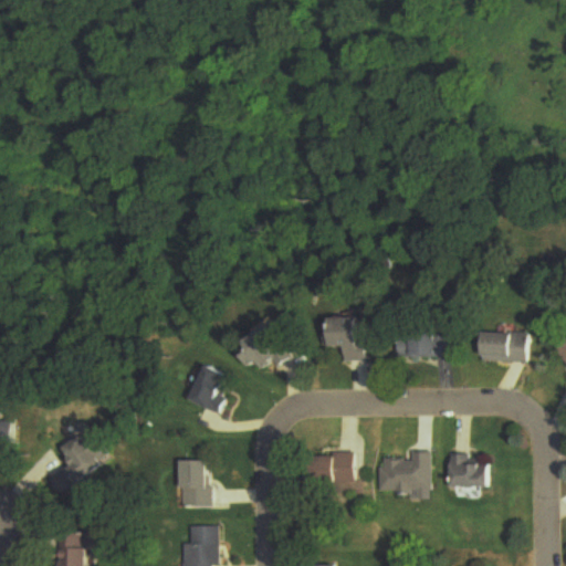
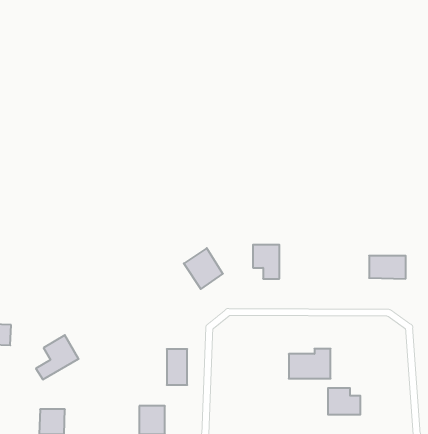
building: [392,329,447,357] -> none
building: [189,364,230,416] -> none
building: [307,453,353,482] -> none
building: [447,453,489,488] -> [328,388,360,415]
building: [179,460,206,506] -> [167,349,187,385]

